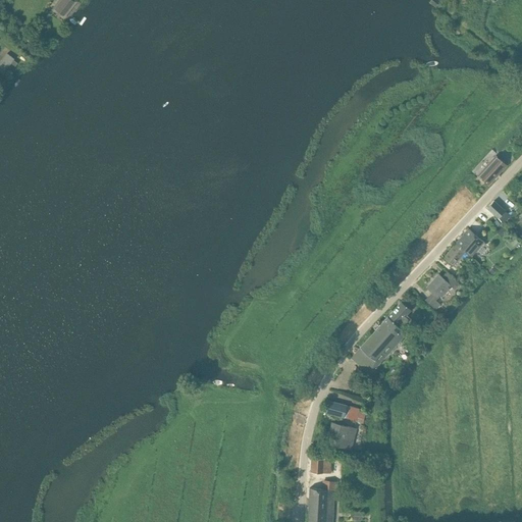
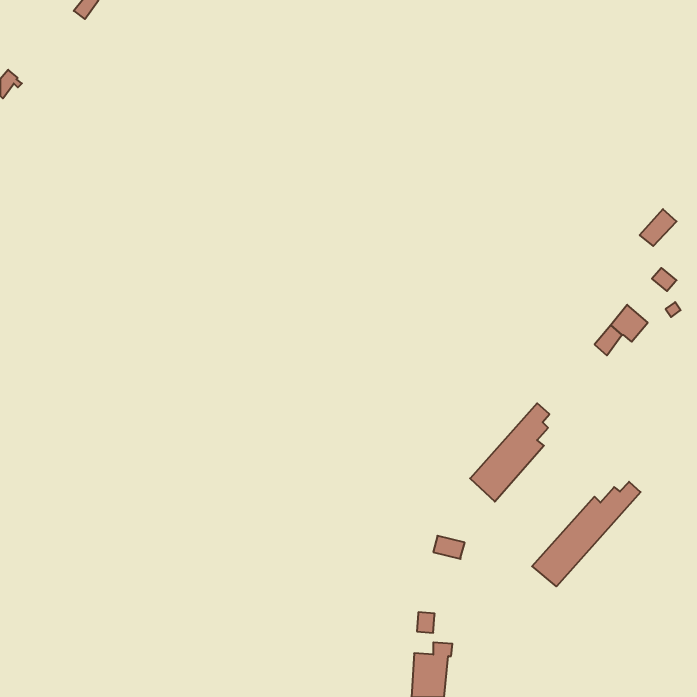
building: [426,271,460,309] -> none
building: none -> [532,482,641,586]
building: [327,422,356,449] -> none

